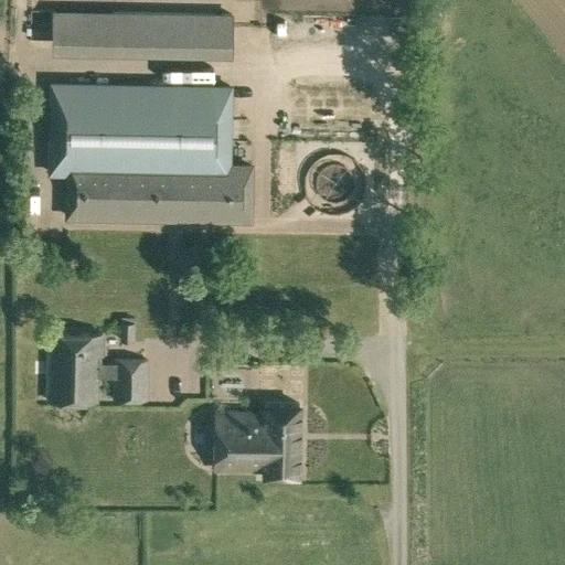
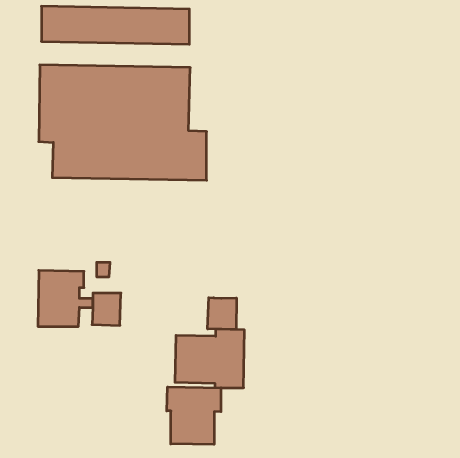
building: none -> [208,298,236,329]
building: none -> [167,387,221,444]

